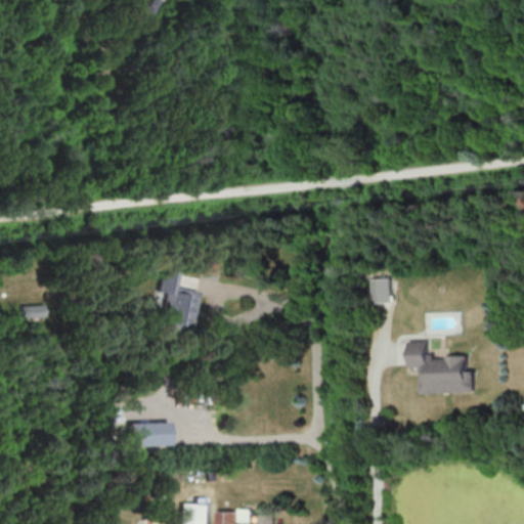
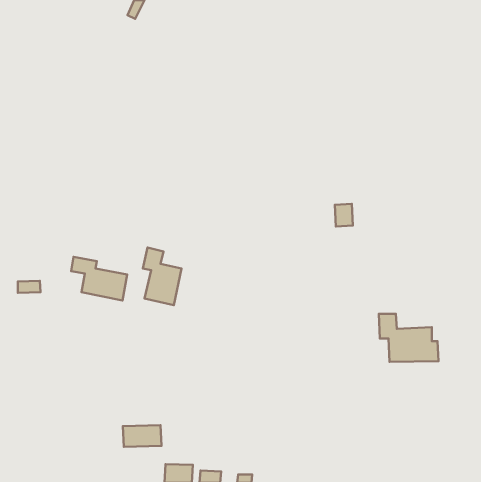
building: [374,278,393,303] -> [335,204,353,226]
building: none -> [71,257,127,301]
building: [128,423,170,446] -> [123,425,161,447]

